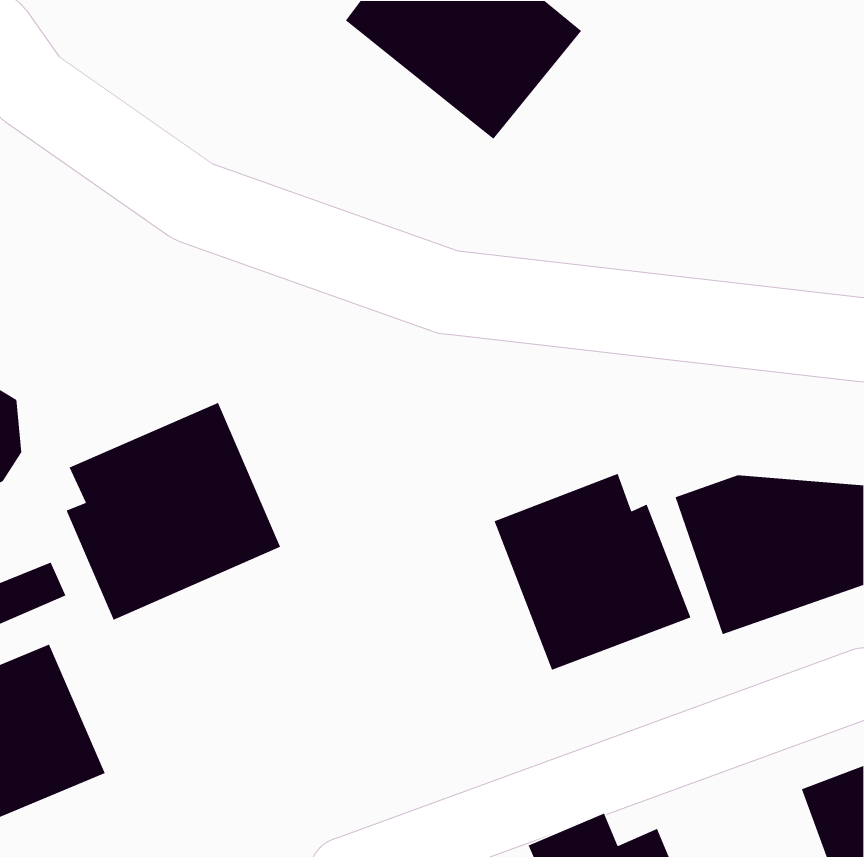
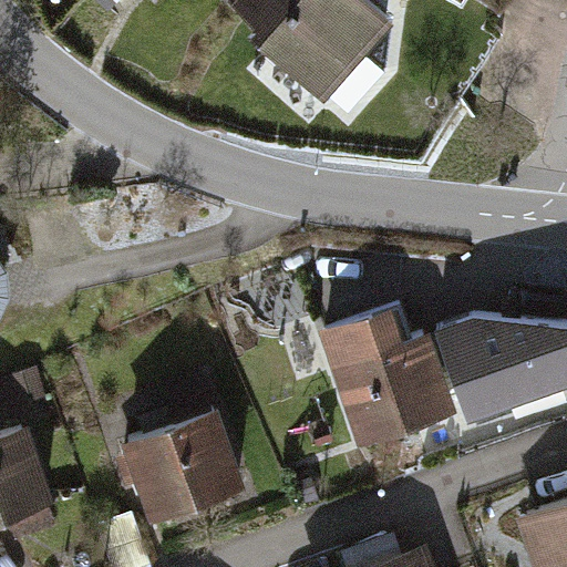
building: [66,402,281,621] -> none
building: none -> [117,384,268,524]

